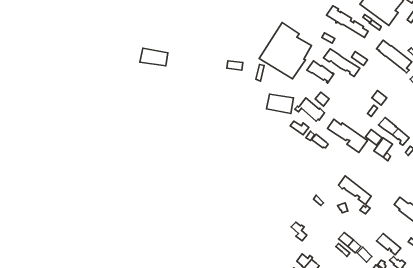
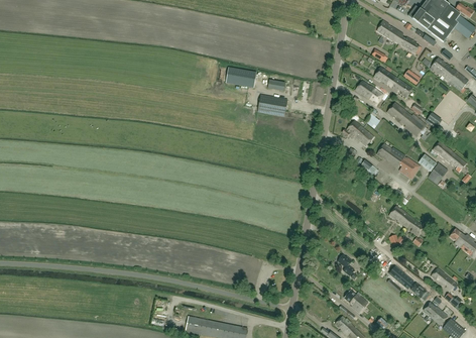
building: [259,22,312,79] -> none
building: [140,48,168,66] -> [226,68,256,87]
building: none -> [387,102,427,136]
building: [267,94,294,114] -> [258,95,287,116]

